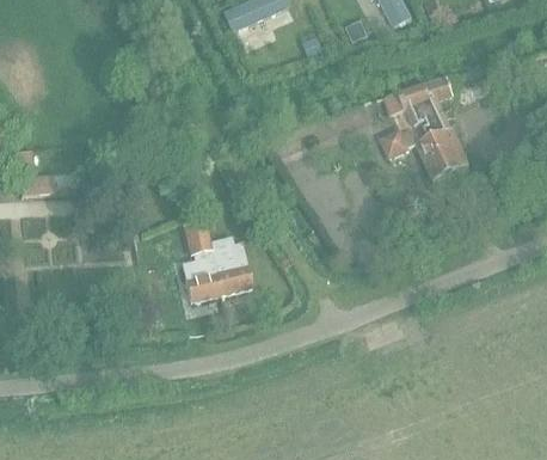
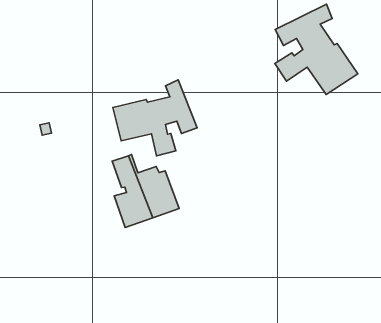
building: none -> [113,80,197,156]

